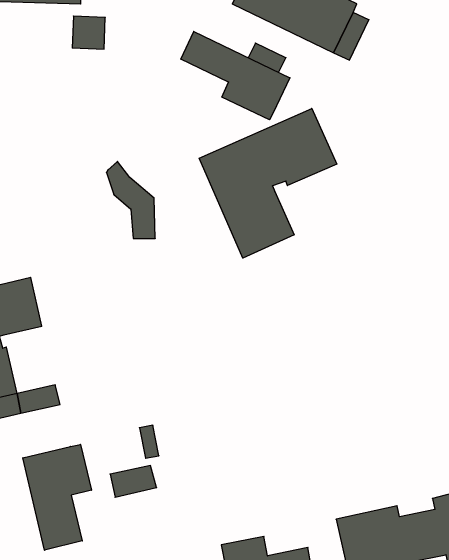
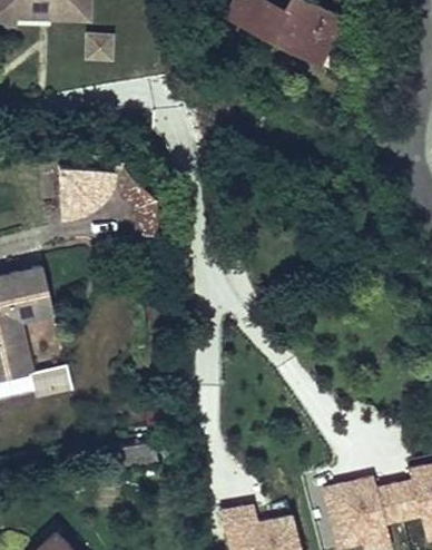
building: [181,31,290,120] -> none
building: [199,108,337,258] -> none
building: none -> [58,165,114,220]
building: [23,444,91,550] -> none

